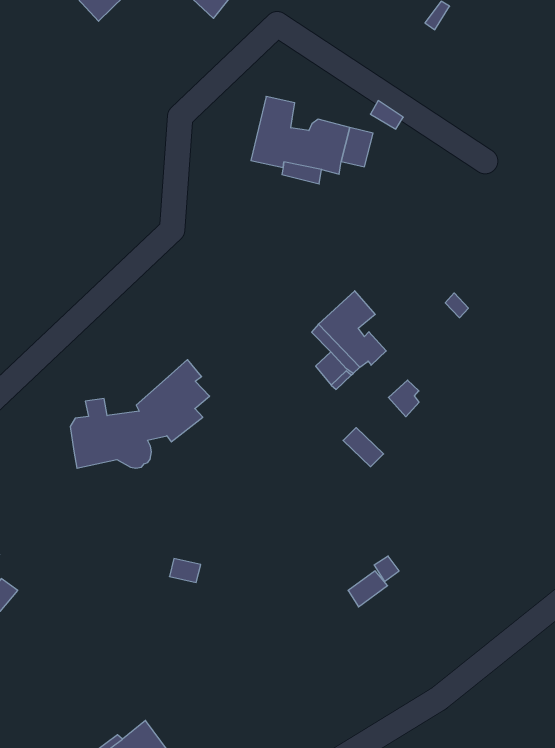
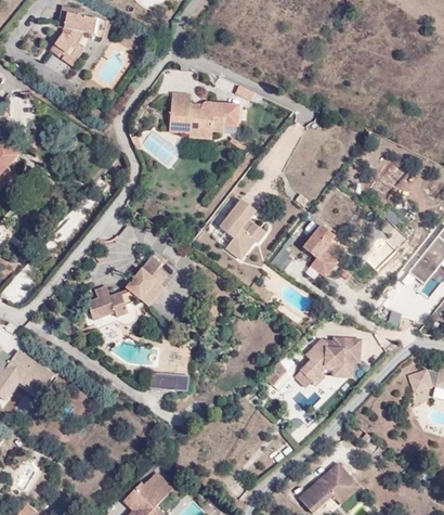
building: none -> [302,223,337,276]
building: none -> [292,336,361,387]

